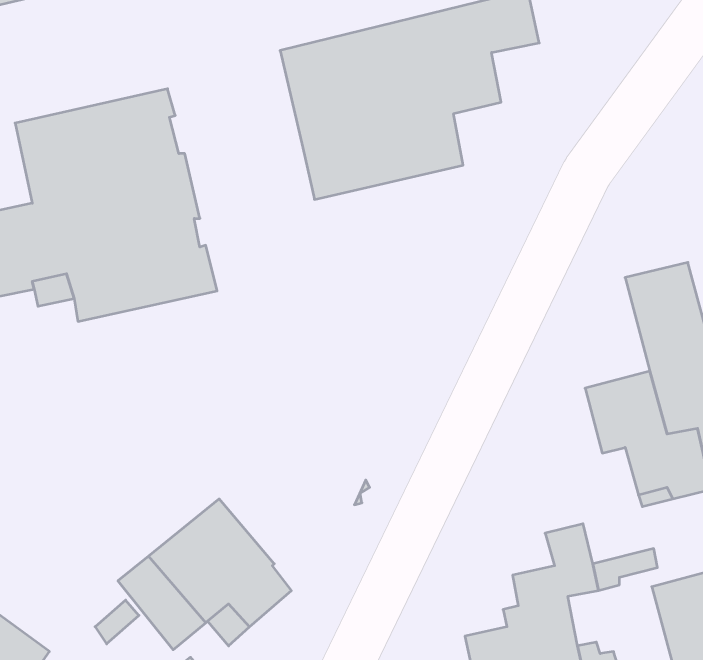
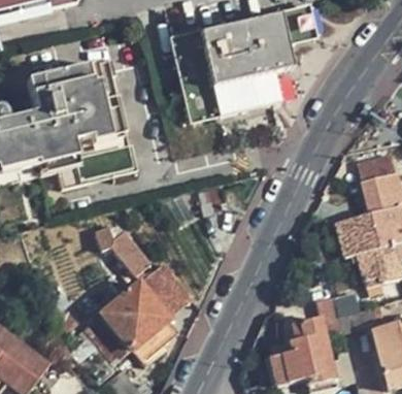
building: none -> [92,226,148,273]
building: none -> [137,261,191,316]

